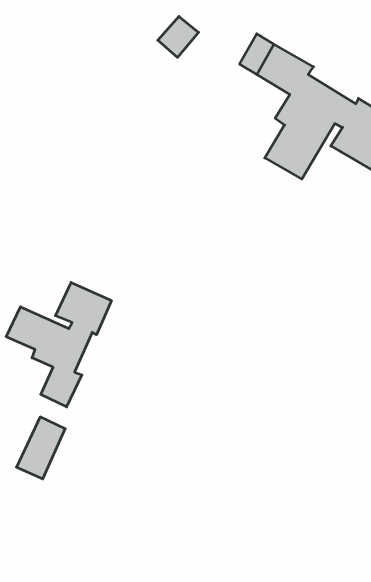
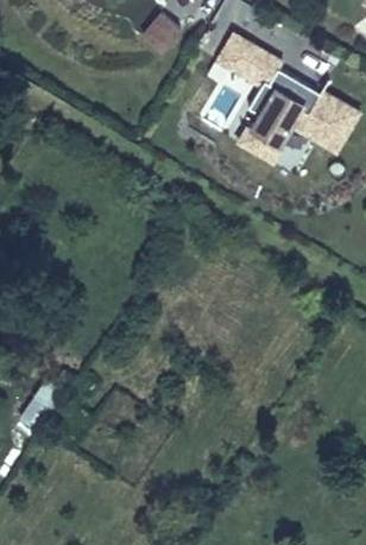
building: [6,282,111,407] -> none

